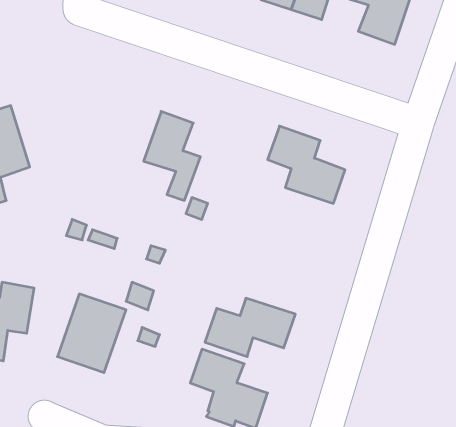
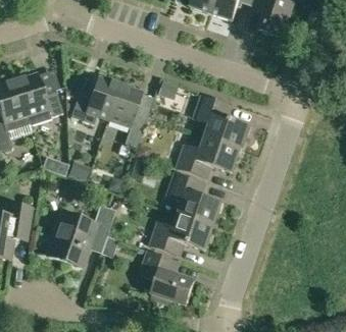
building: none -> [14,73,62,125]
building: none -> [70,77,119,123]
building: none -> [177,137,240,178]
building: none -> [167,172,221,226]

